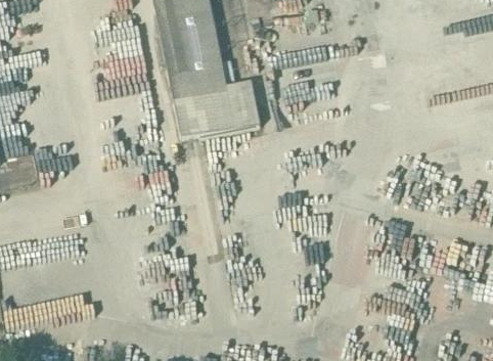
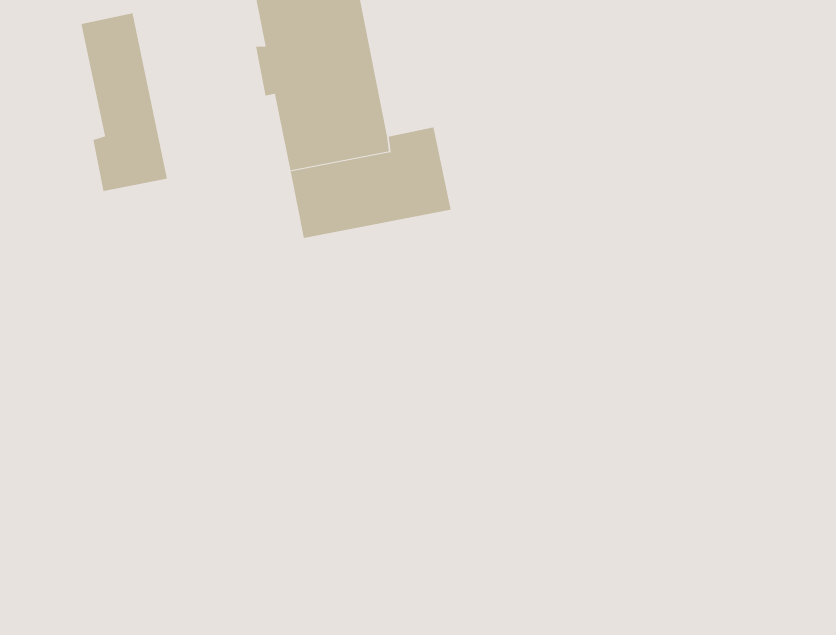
building: none -> [81,12,168,192]

